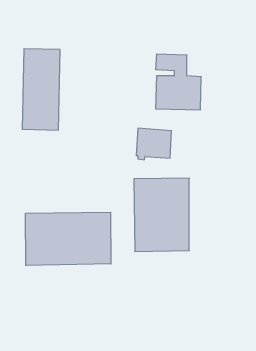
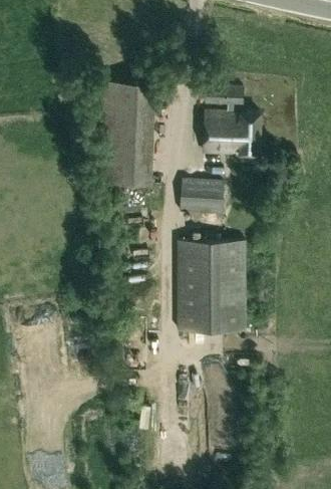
building: [22,49,60,130] -> [102,78,149,180]
building: [26,212,111,266] -> none

